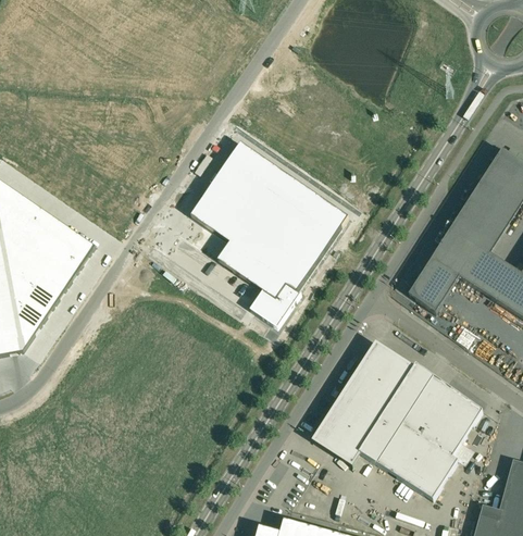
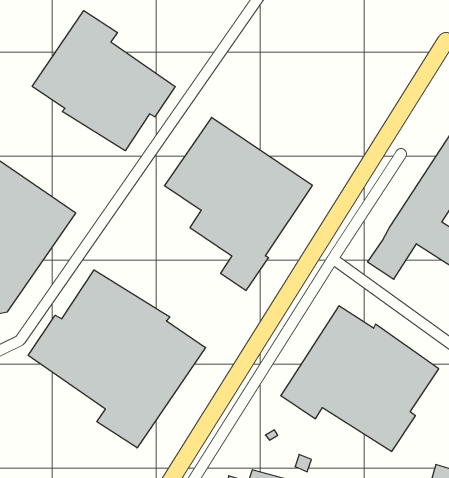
building: none -> [32,11,175,151]
building: none -> [28,270,206,448]

